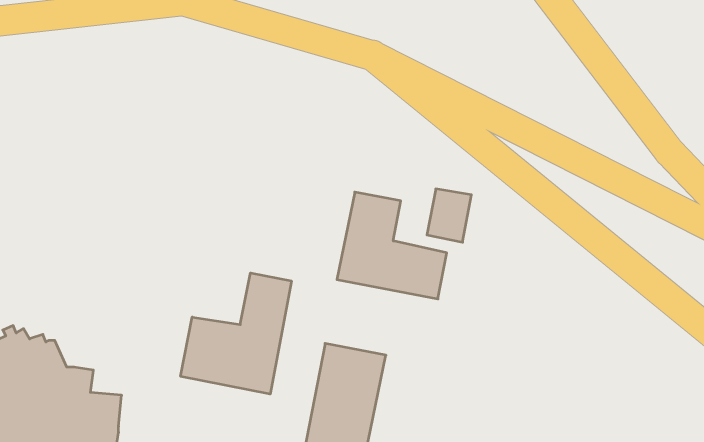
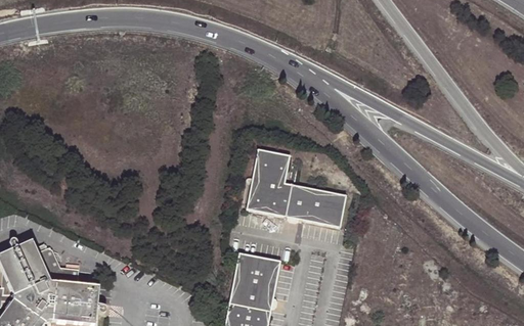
building: [427,189,471,242] -> [316,189,347,226]
building: [181,273,291,394] -> none

